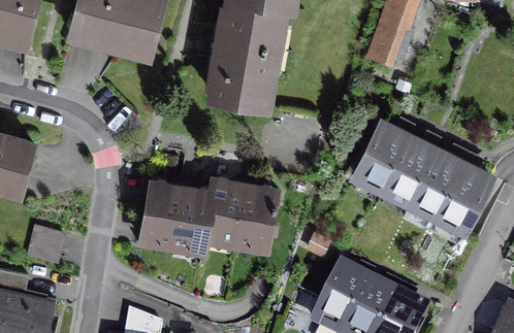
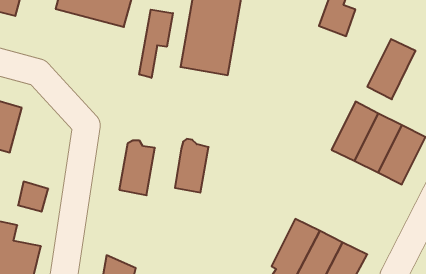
building: none -> [139,10,173,78]
building: [356,122,411,190] -> [367,39,416,99]
building: [235,185,275,244] -> none
building: [174,187,214,246] -> none

